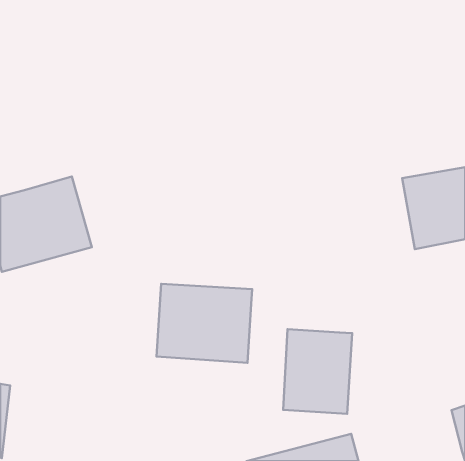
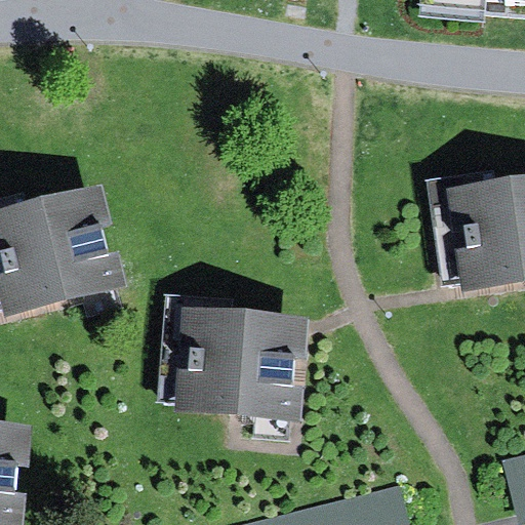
building: [283,329,352,414] -> none

